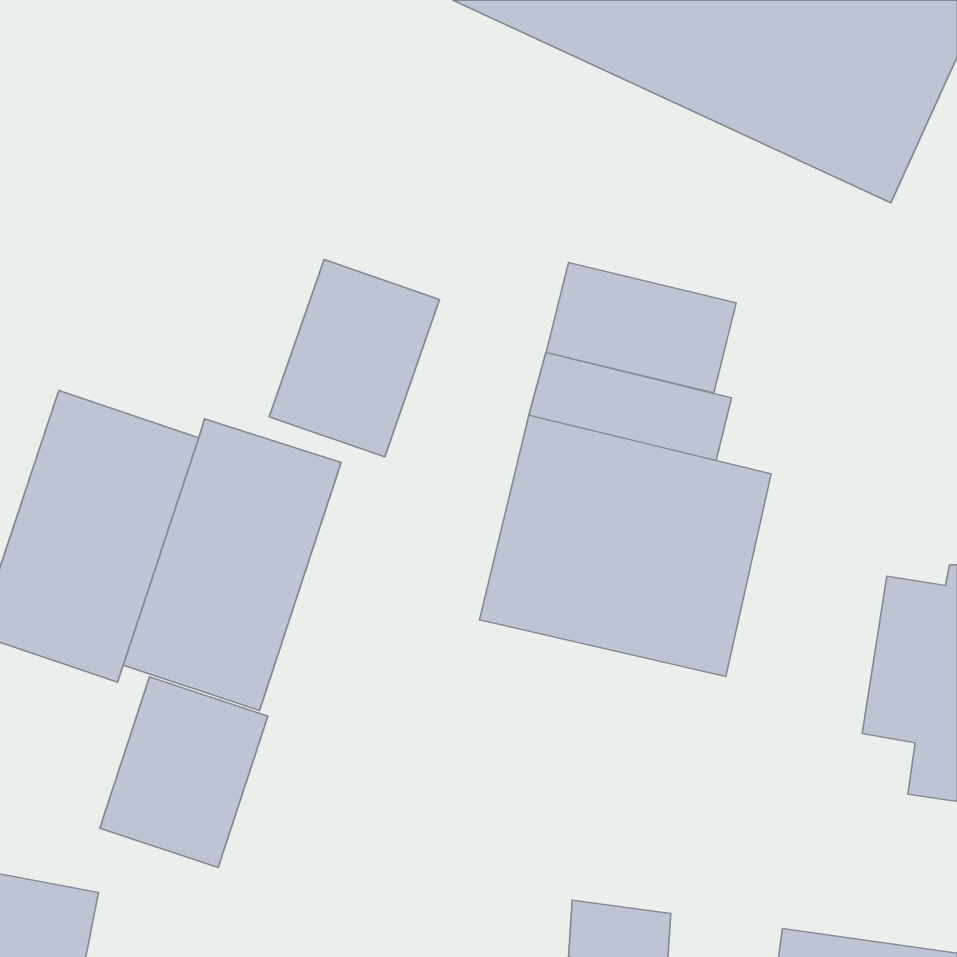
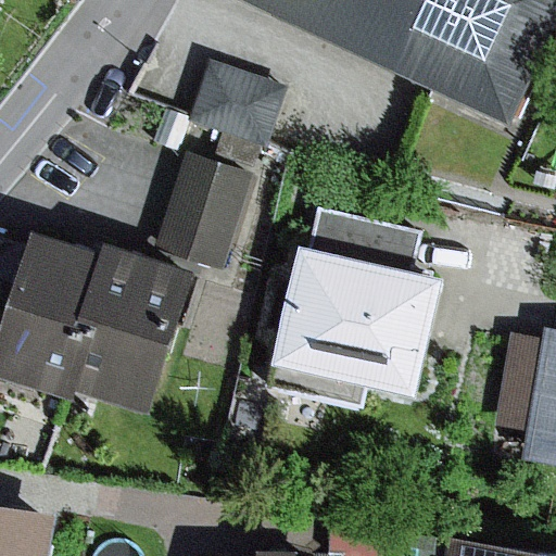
building: none -> [187,64,282,150]
building: [546,262,736,393] -> none
building: [100,677,268,867] -> none

